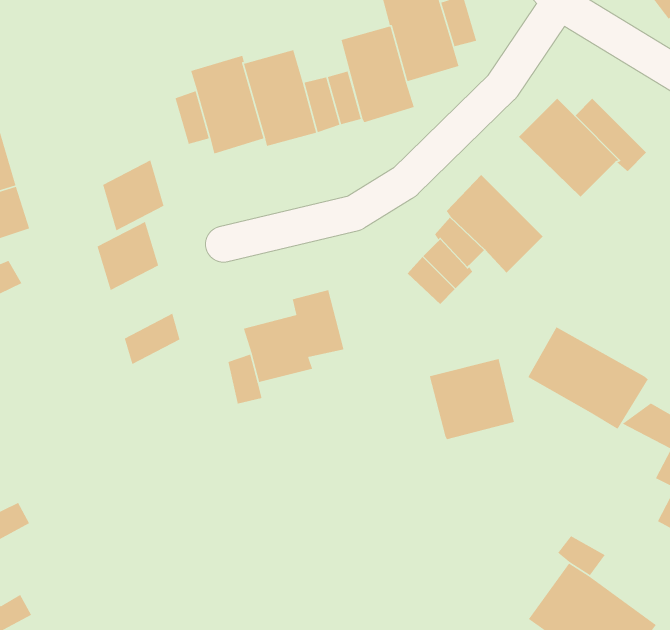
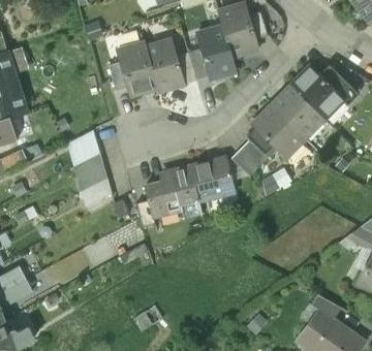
building: none -> [271,86,323,138]
building: [102,159,164,231] -> [74,154,107,192]
building: [528,326,649,430] -> none
building: [429,358,515,440] -> [190,157,236,200]

